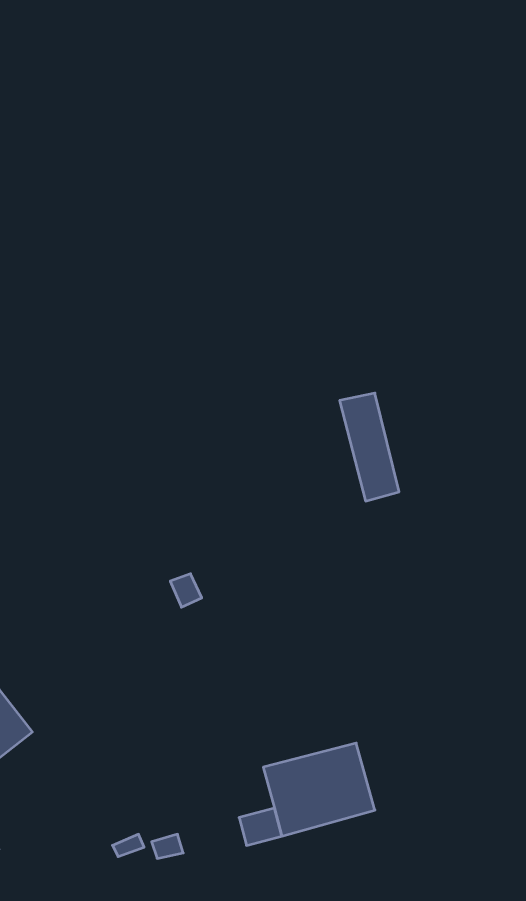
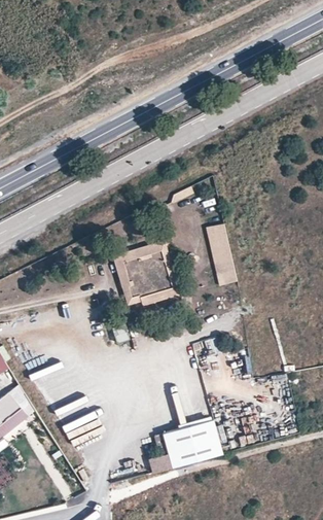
building: none -> [122,250,171,298]

